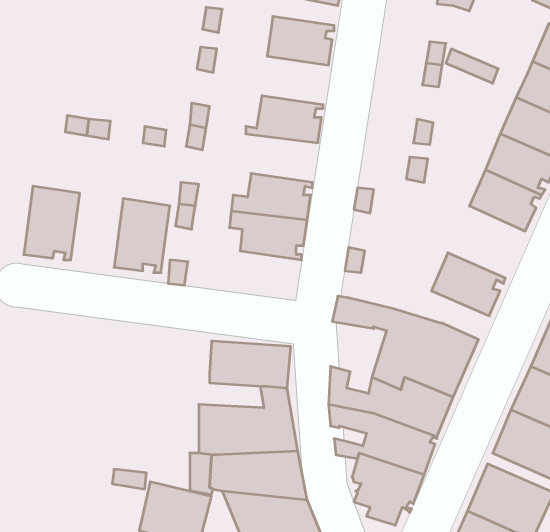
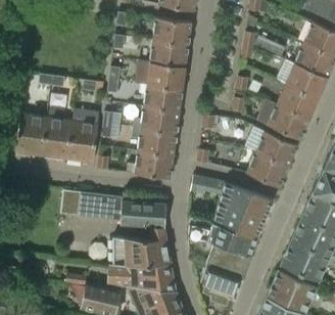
building: none -> [150,40,188,68]
building: none -> [140,84,182,111]
building: none -> [42,118,71,160]
building: none -> [255,131,297,166]
building: none -> [127,150,173,178]
building: none -> [78,191,123,220]

